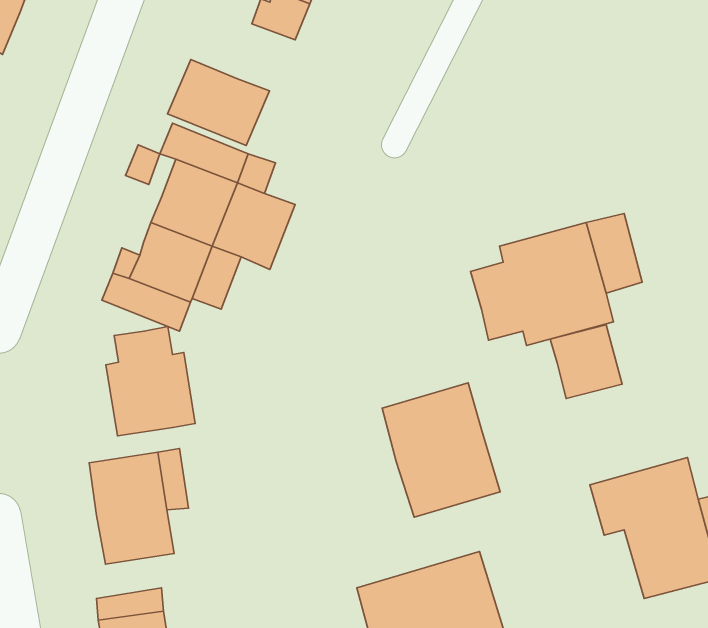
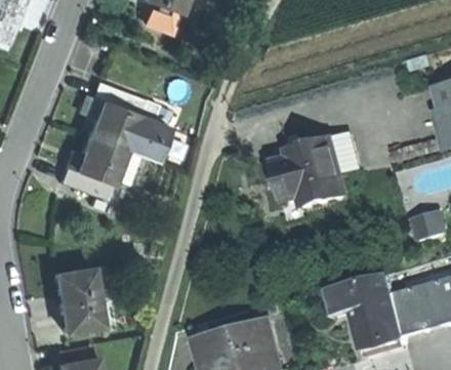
building: [168,59,269,145] -> none
building: [550,325,622,398] -> none
building: [106,326,195,436] -> none
building: [382,383,500,517] -> none

